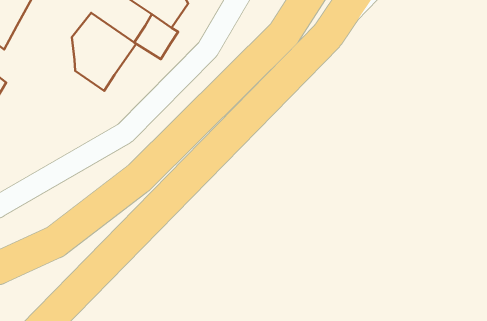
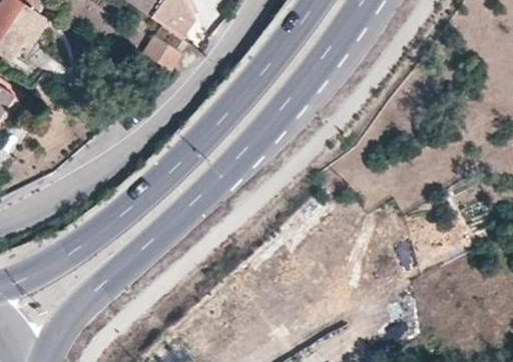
building: [72,13,136,91] -> none

